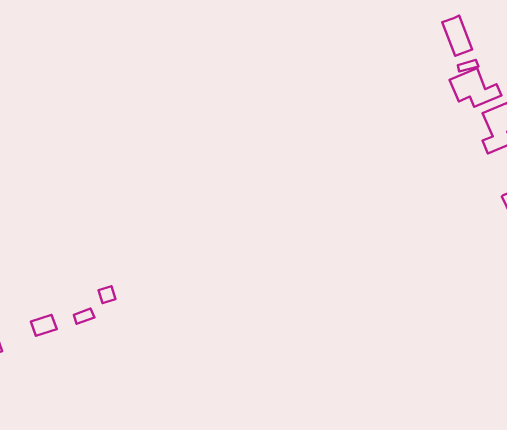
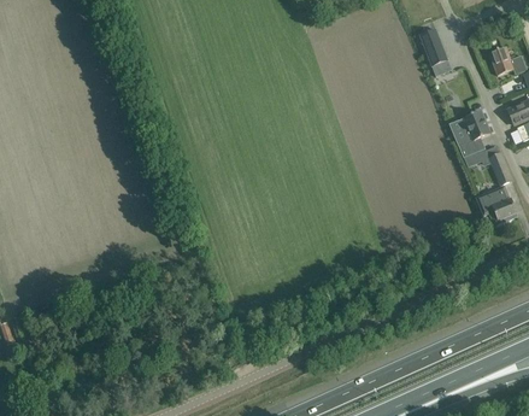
building: [450,68,502,107] -> none

